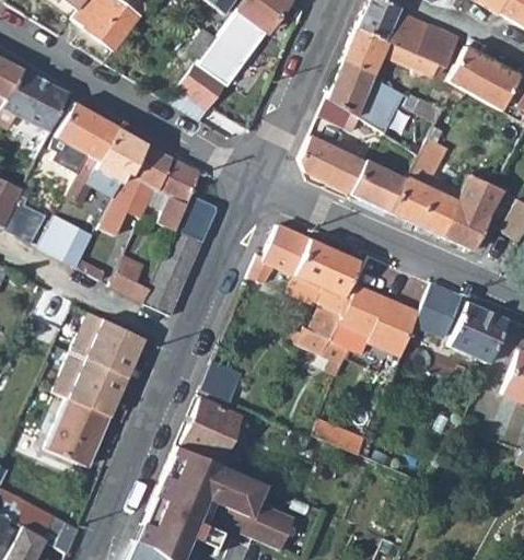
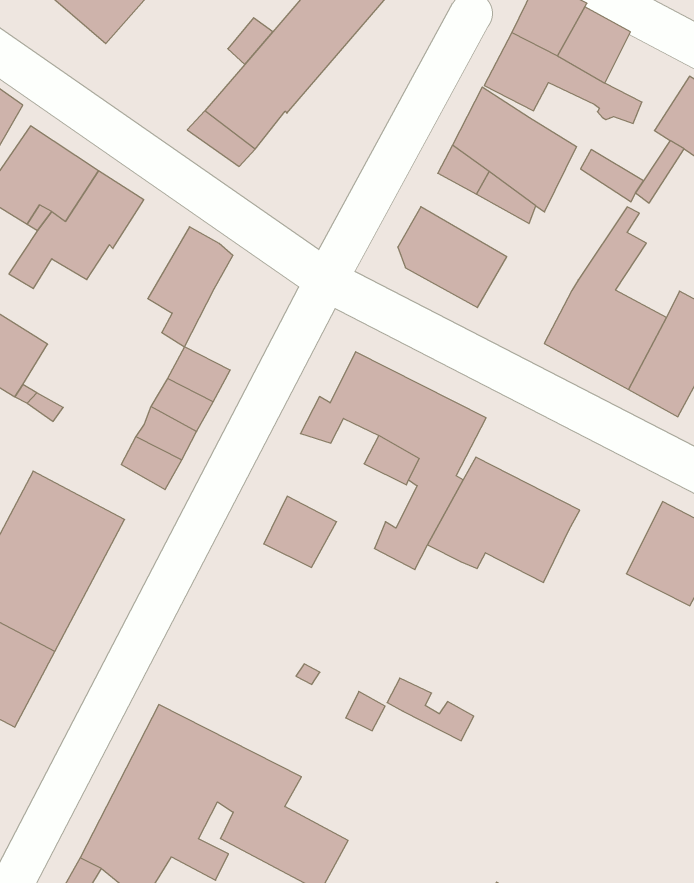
building: [416,22,461,67] -> none
building: [96,143,173,232] -> none
building: [349,159,405,212] -> none
building: [175,194,217,242] -> none
building: [110,260,154,303] -> none
building: [414,281,464,337] -> none
building: [200,360,243,401] -> [264,496,337,567]
building: [184,399,240,459] -> none

